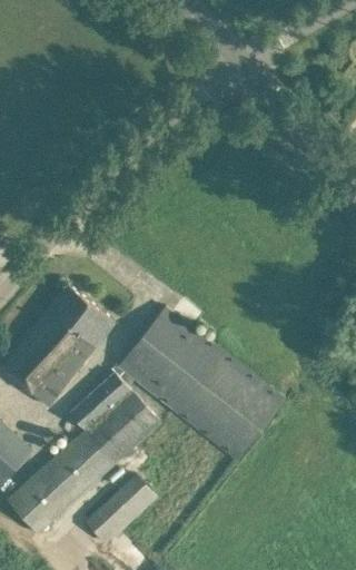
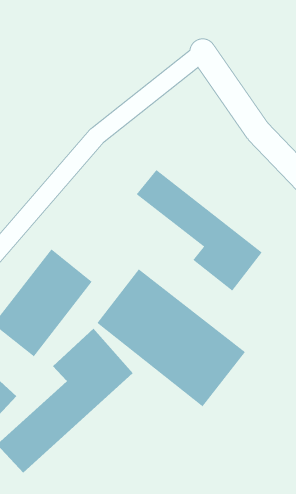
building: none -> [136,169,262,292]
building: [85,474,158,546] -> none

